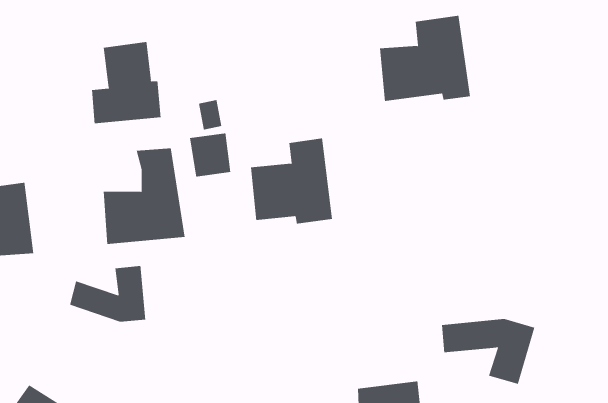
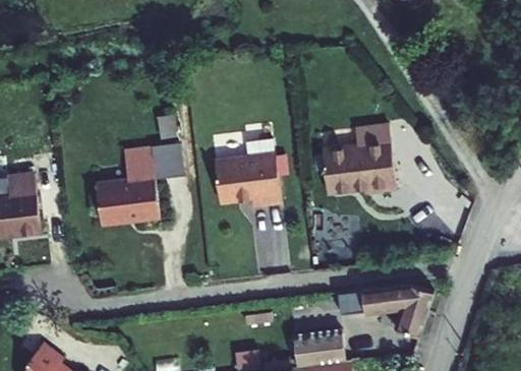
building: [379,15,471,102] -> [323,125,396,194]
building: [91,41,161,124] -> none
building: [70,265,146,323] -> none

